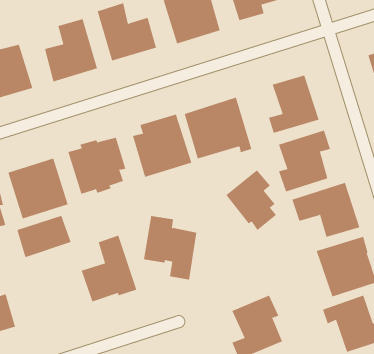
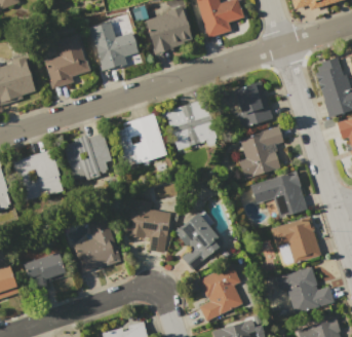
building: [225,170,277,231] -> [178,209,221,260]
building: [16,215,71,258] -> [24,252,70,288]

